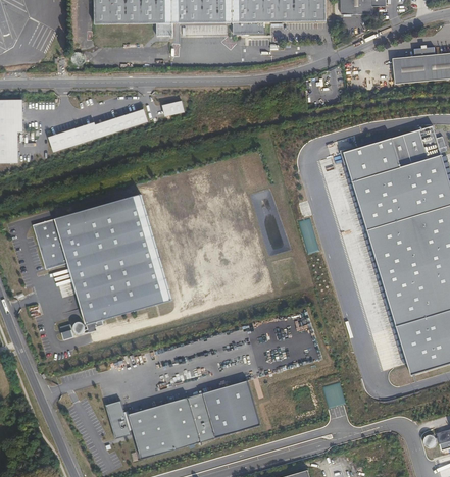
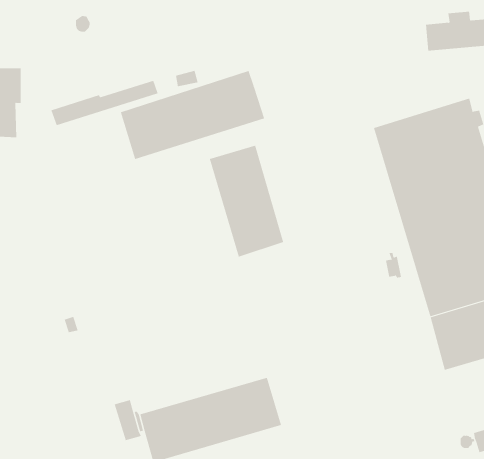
building: none -> [120,70,265,160]
building: none -> [209,145,284,257]
building: [36,194,172,334] -> none

